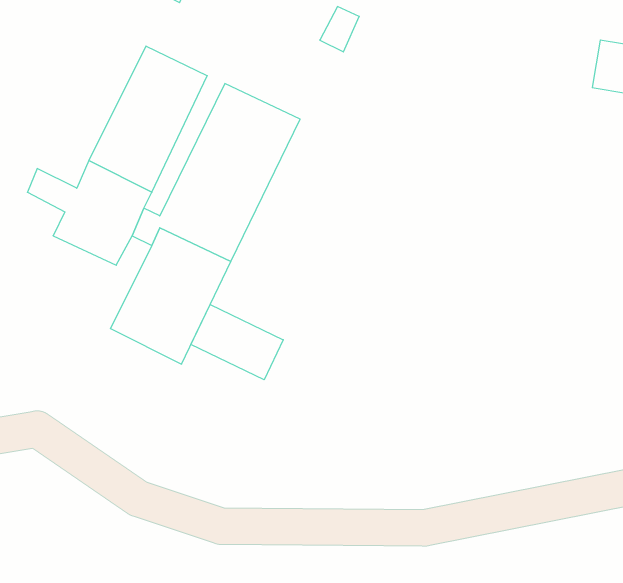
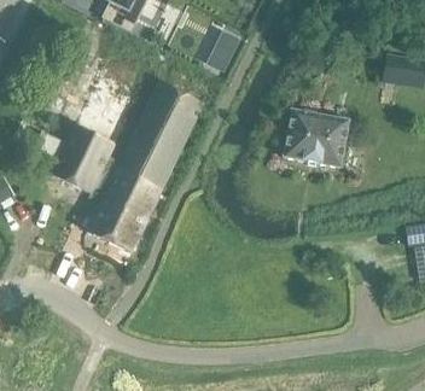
building: none -> [284,111,348,167]
building: [191,305,283,380] -> none

